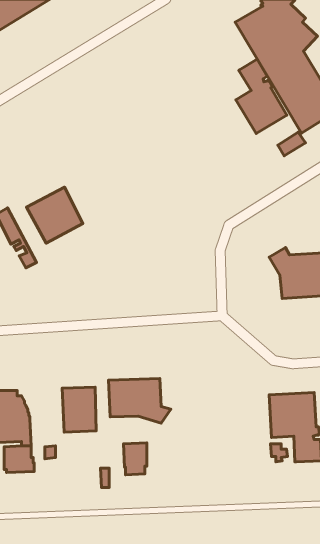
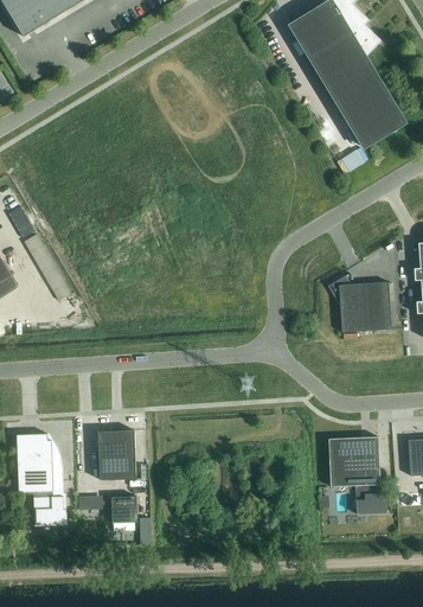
building: [236,59,287,134] -> none
building: [26,187,83,243] -> none
building: [109,378,171,423] -> none
building: [123,443,147,475] -> [110,496,136,531]

